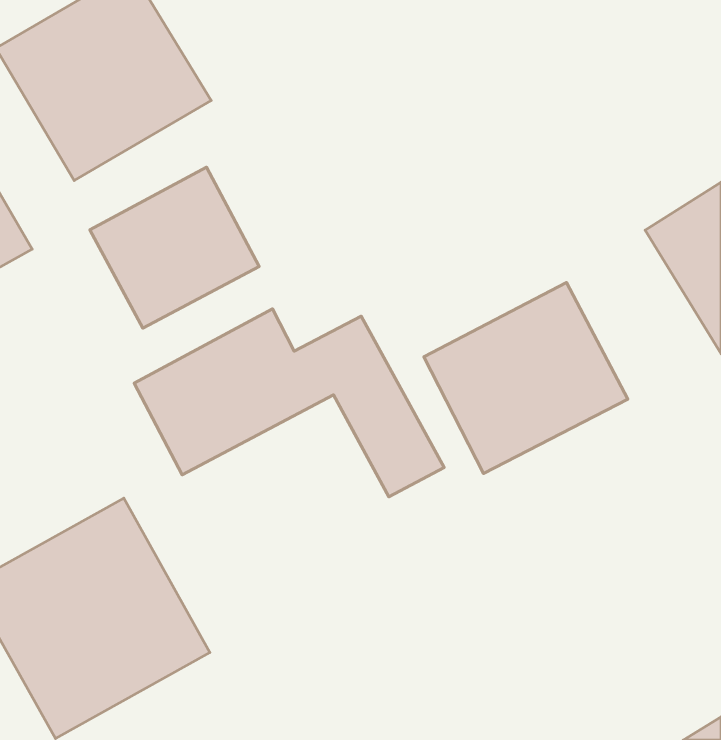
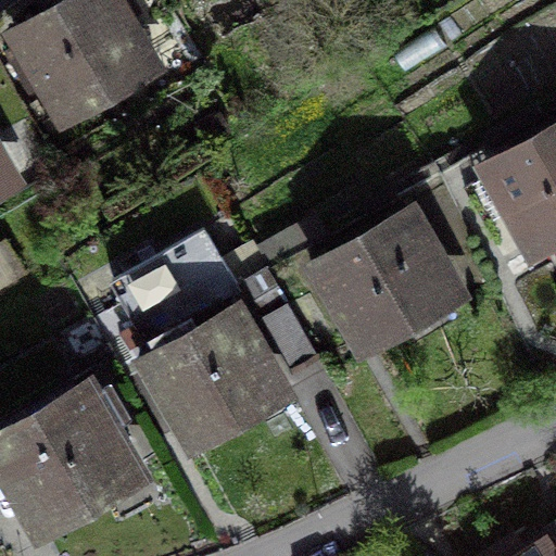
building: [90,167,259,328] -> none
building: none -> [140,305,296,457]

